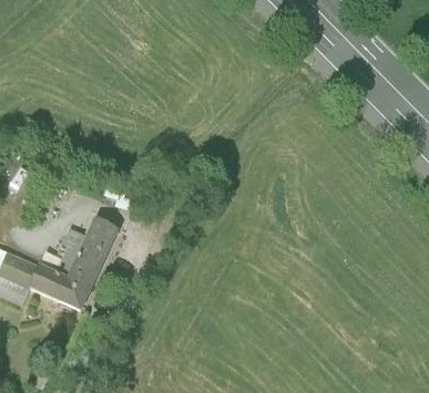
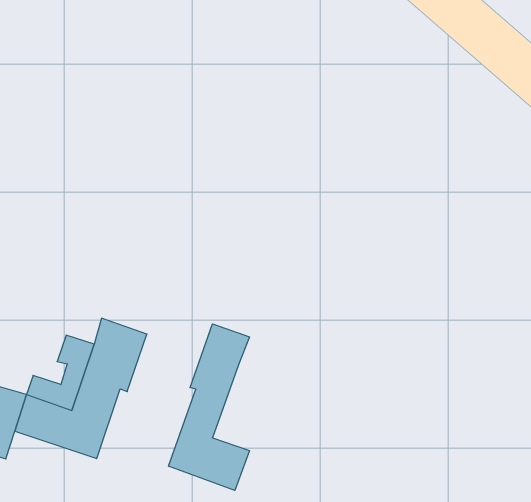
building: none -> [169,324,250,490]

